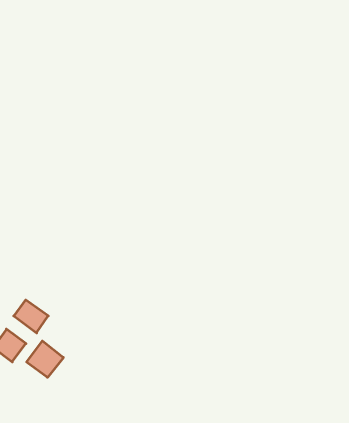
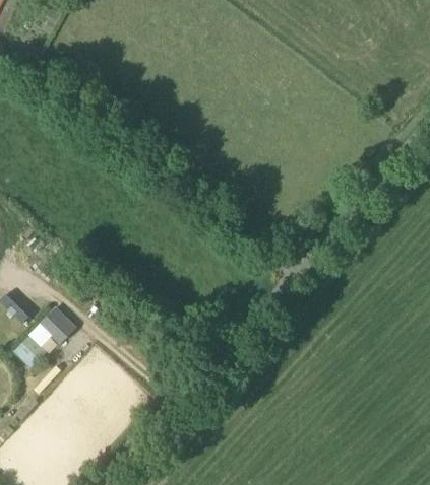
building: [27,341,63,377] -> none

